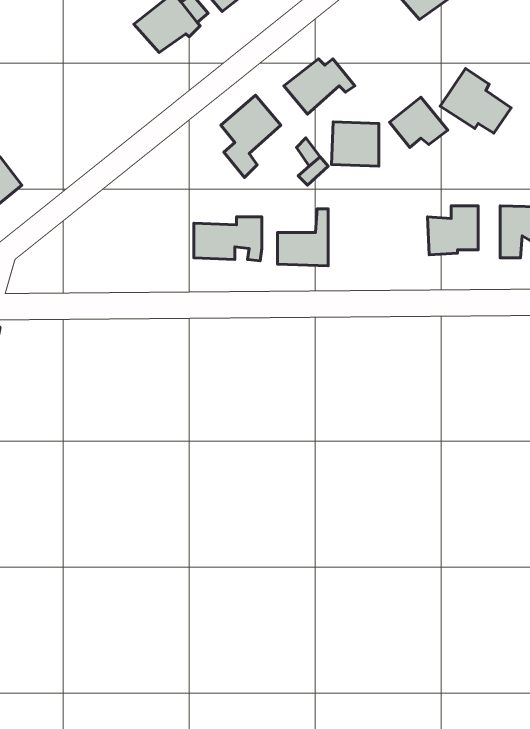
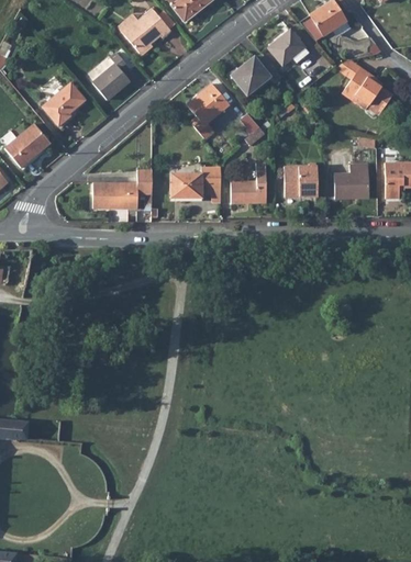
building: none -> [95,54,131,102]
building: [389,97,448,148] -> [271,33,312,68]
building: none -> [45,87,88,128]
building: [332,122,379,166] -> [280,167,313,198]
building: none -> [91,171,151,209]

